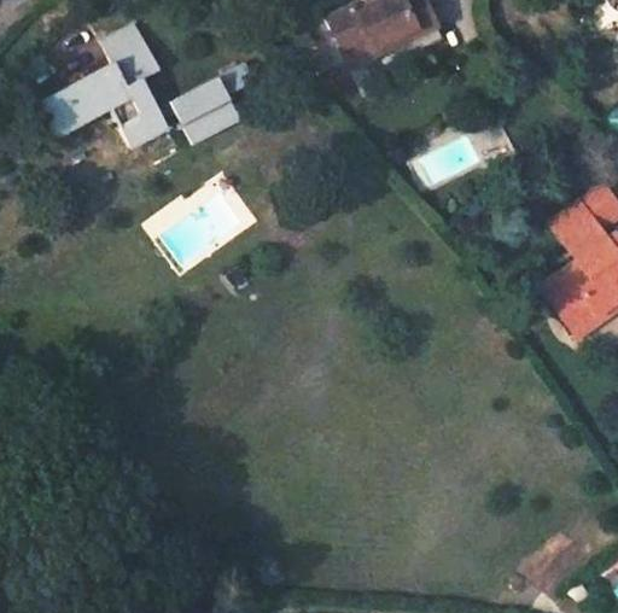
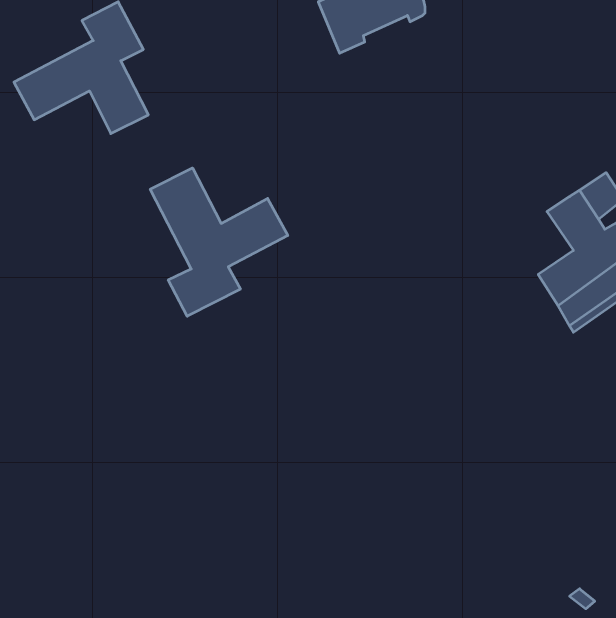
building: [171,80,241,145] -> none
building: none -> [150,168,288,316]

